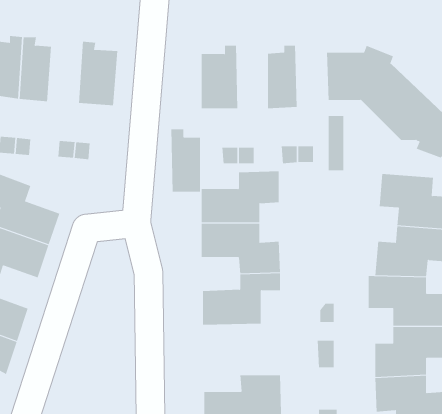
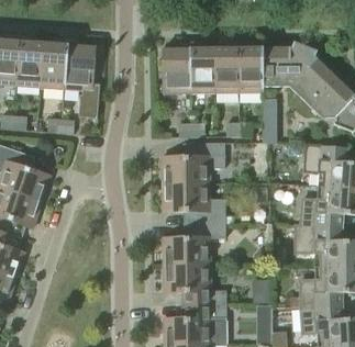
building: none -> [40,37,67,88]
building: none -> [237,42,263,91]
building: [171,129,201,192] -> [190,42,214,92]
building: none -> [163,264,225,304]

